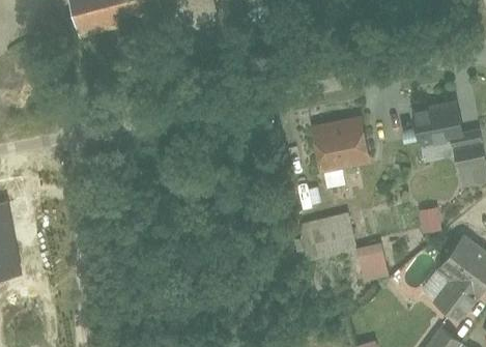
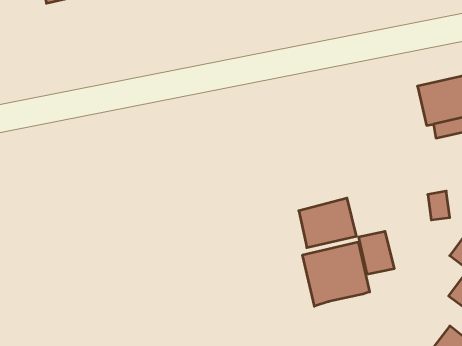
building: [314,115,376,171] -> none
building: none -> [303,242,370,306]

